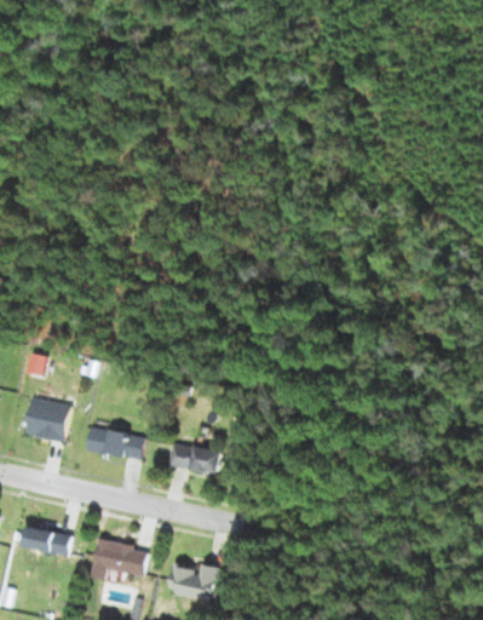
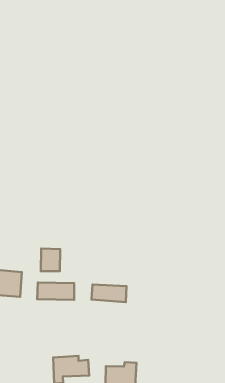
building: none -> [41,249,60,271]
building: [23,527,71,556] -> none

